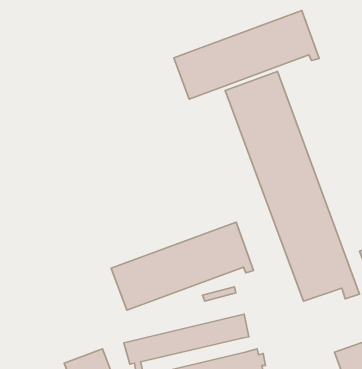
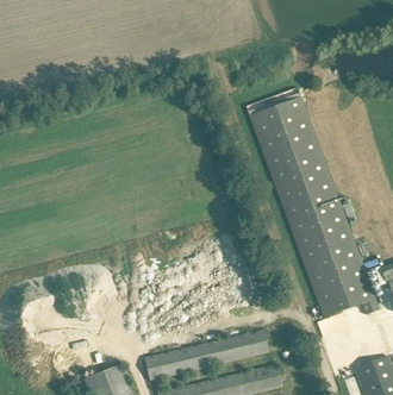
building: [174,11,319,99] -> none
building: [111,222,254,310] -> none

